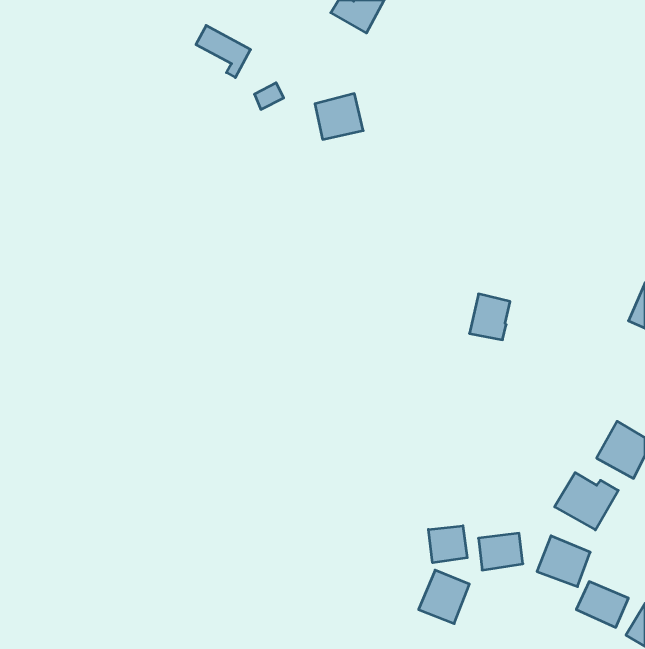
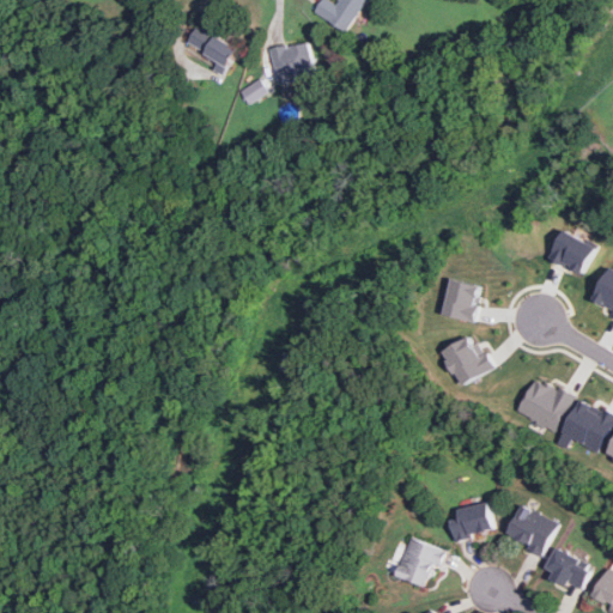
building: [315,94,363,139] -> [269,41,315,84]
building: none -> [550,230,596,274]
building: none -> [441,335,488,384]
building: [555,473,618,530] -> [515,378,575,432]
building: [428,526,467,563] -> none

